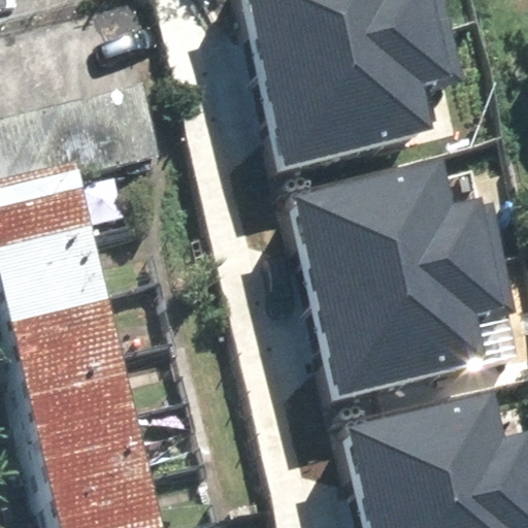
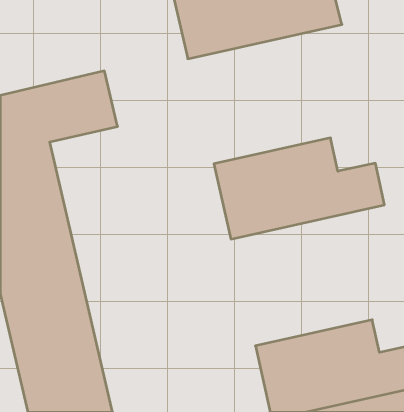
building: [254,31,460,167] -> none
building: [308,259,514,395] -> none

